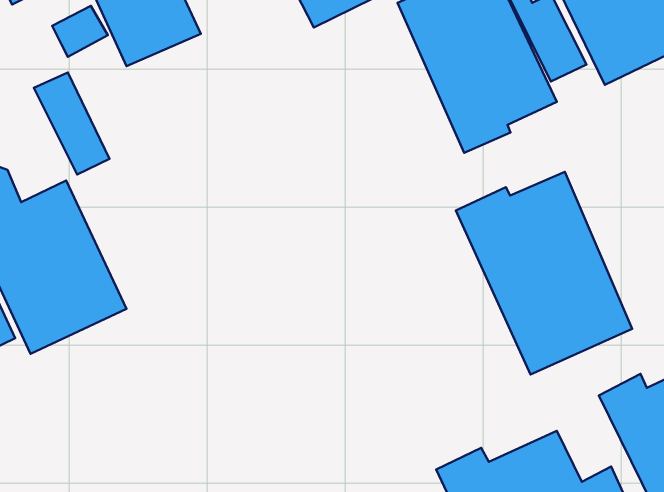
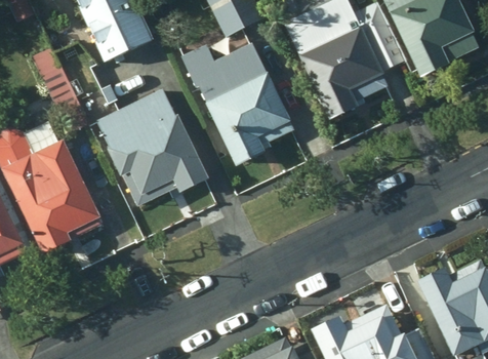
building: none -> [179,42,293,165]
building: none -> [95,88,209,201]
building: [456,172,632,374] -> none

